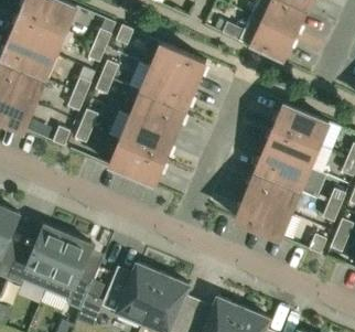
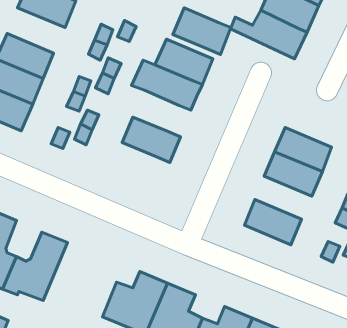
building: [11,12,66,55] -> none
building: [130,90,185,135] -> [173,8,231,54]
building: [275,103,329,144] -> none
building: [110,140,165,183] -> none
building: [246,172,300,213] -> none
building: [45,235,94,310] -> none

